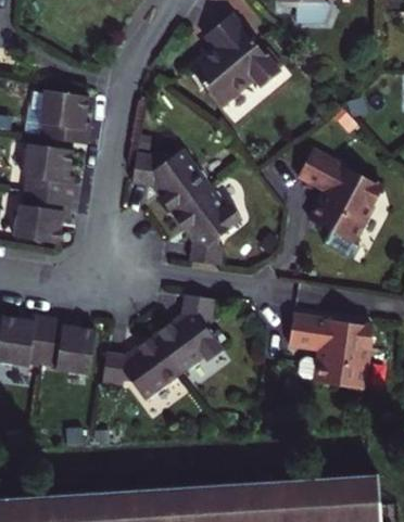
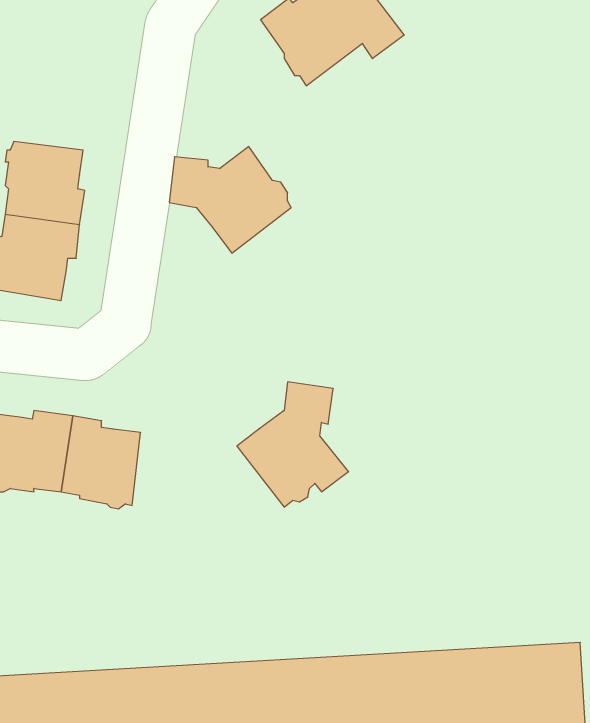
building: [36,88,89,145] -> none
building: [293,150,379,244] -> none
building: [167,188,240,268] -> none
building: [307,310,391,387] -> none
building: [121,341,201,407] -> none

